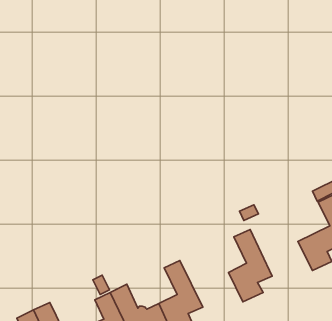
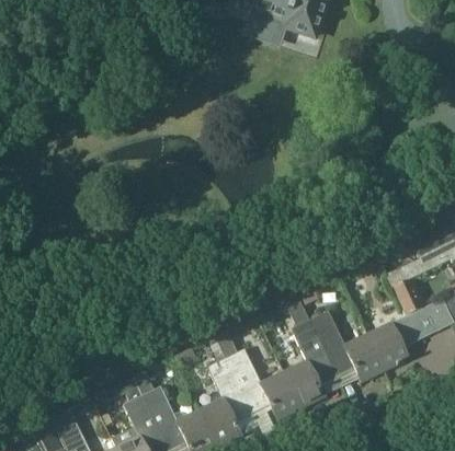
building: none -> [311,312,386,381]
building: none -> [227,349,303,419]

